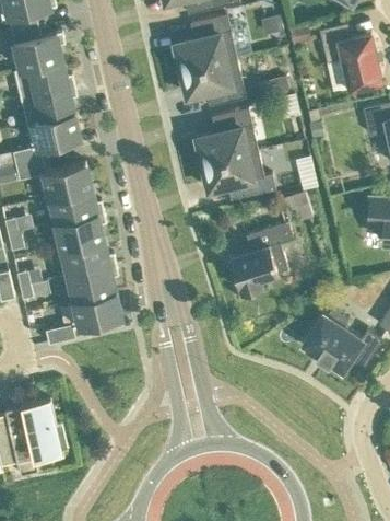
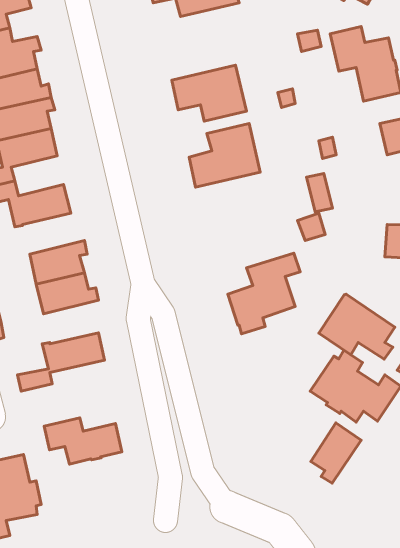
building: [174,15,236,71] -> none
building: [201,152,275,201] -> none
building: [49,188,104,224] -> none
building: none -> [319,294,395,359]
building: [68,265,118,303] -> none
building: none -> [44,418,122,464]
building: none -> [311,423,361,483]

